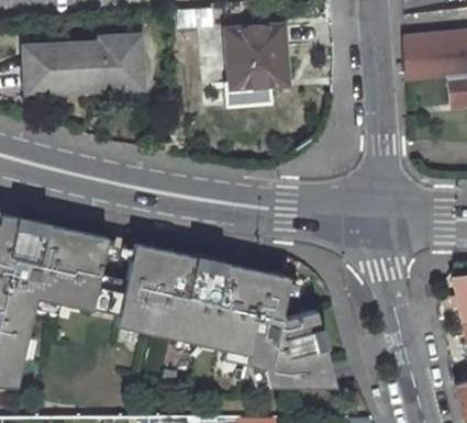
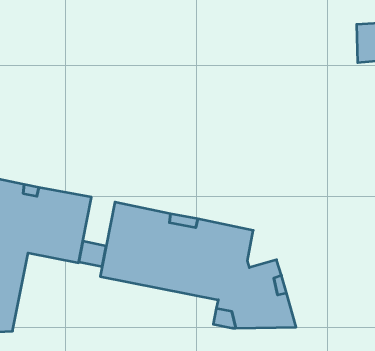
building: [223,30,286,90] -> none
building: [21,36,137,93] -> none

